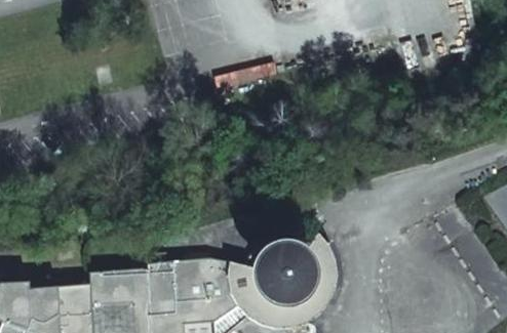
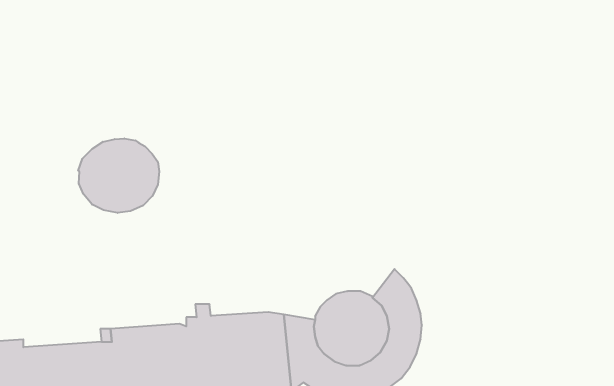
building: none -> [78,138,159,213]

